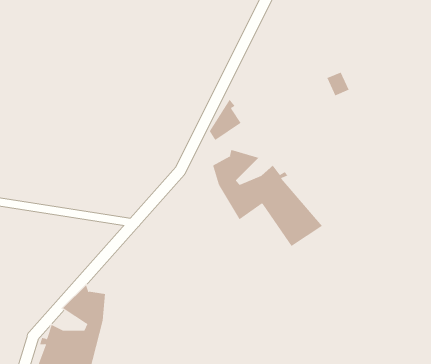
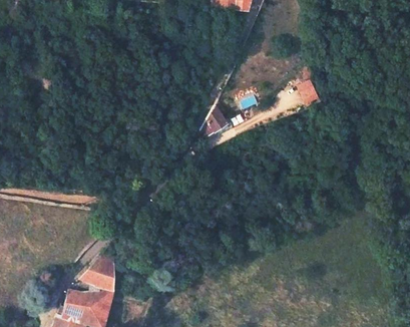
building: [212,149,323,247] -> none

